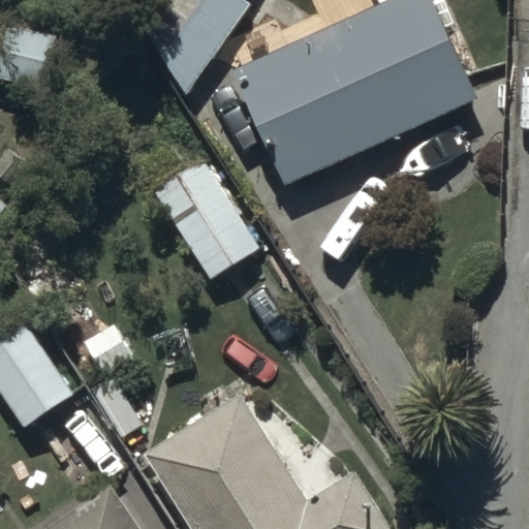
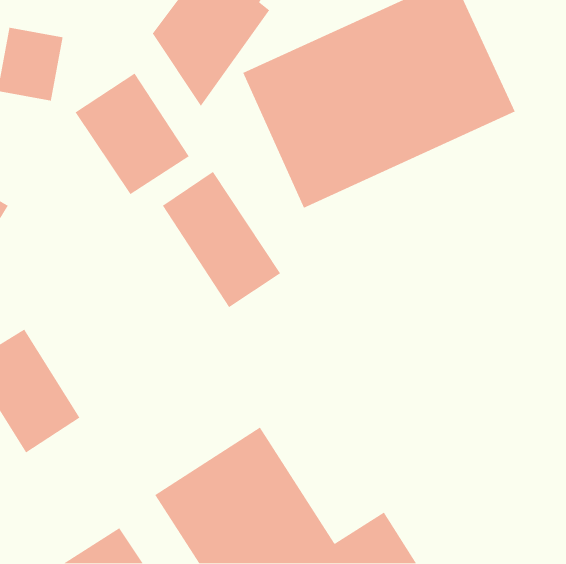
building: none -> [74,73,190,195]

